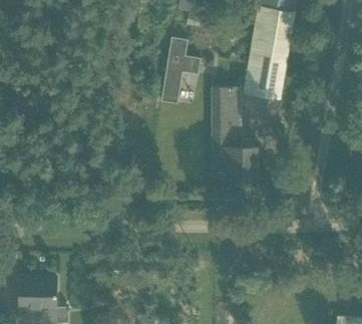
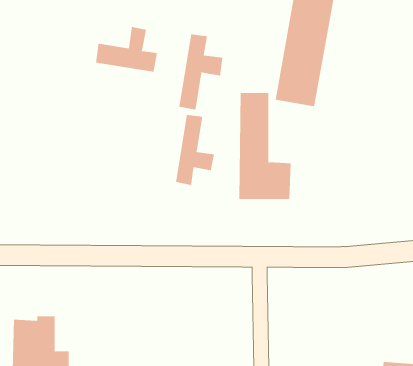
building: none -> [95,26,158,73]
building: none -> [176,114,215,186]

